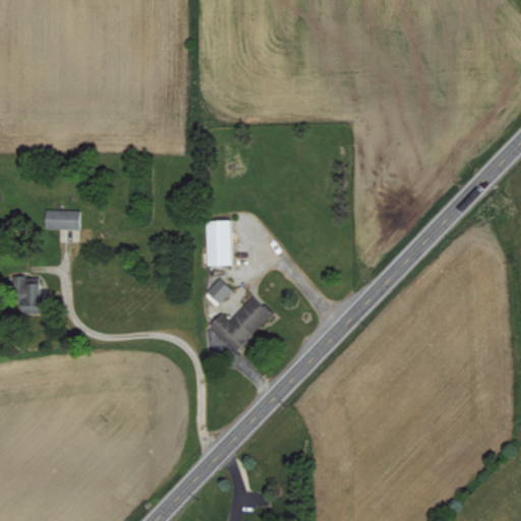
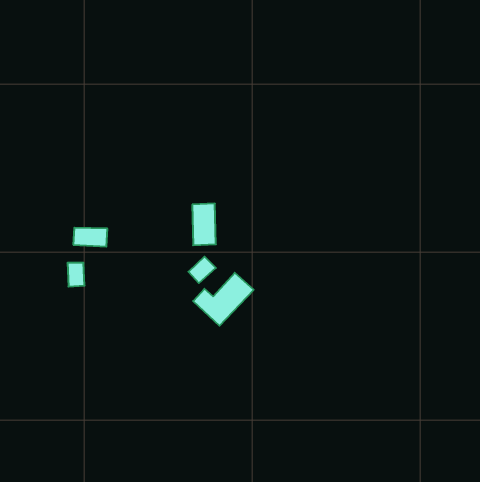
building: [43,210,79,230] -> [73,228,107,247]
building: [23,283,42,308] -> [67,263,85,287]

